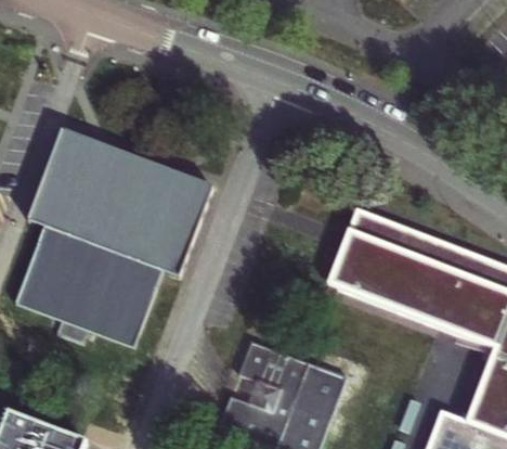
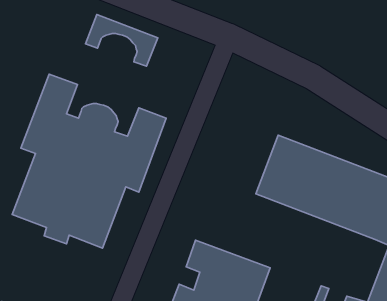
building: [89,143,180,208] -> [86,15,158,66]

